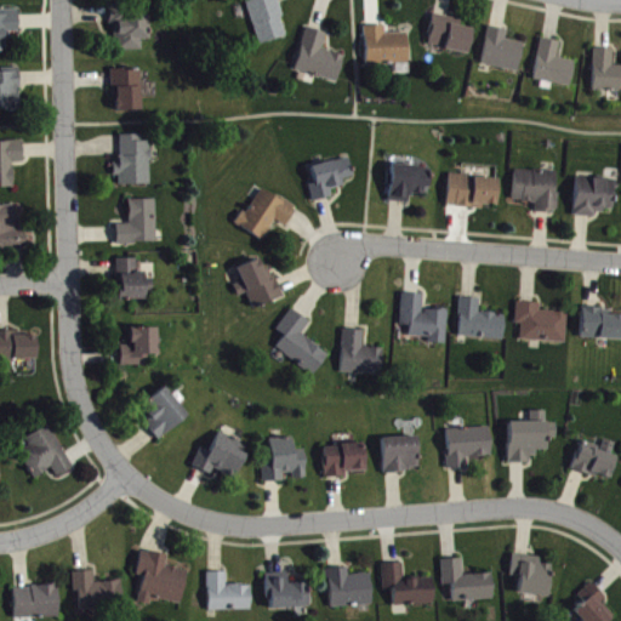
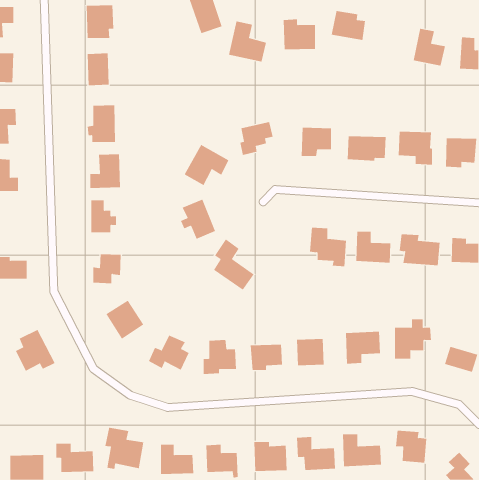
building: [480,25,522,70] -> none
building: [340,329,381,375] -> none

